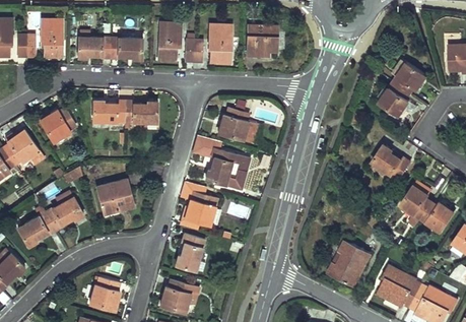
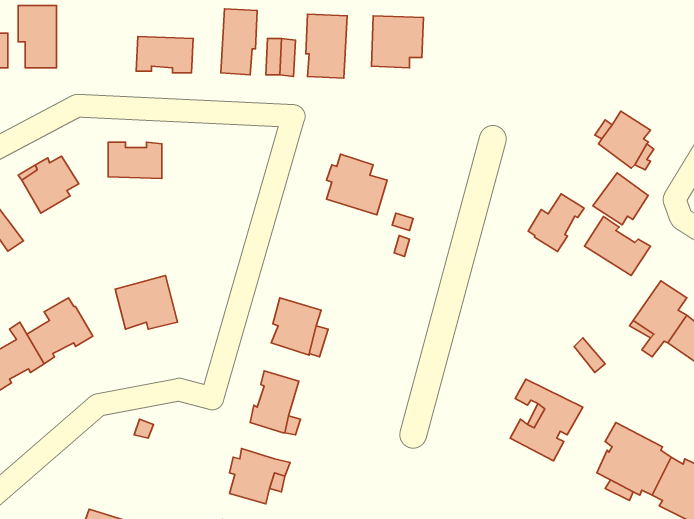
building: [77,37,110,59] -> none
building: [393,63,425,93] -> [593,173,648,225]
building: [124,102,155,123] -> none
building: none -> [528,194,584,251]
building: [193,135,249,189] -> none
building: [90,277,119,309] -> none

